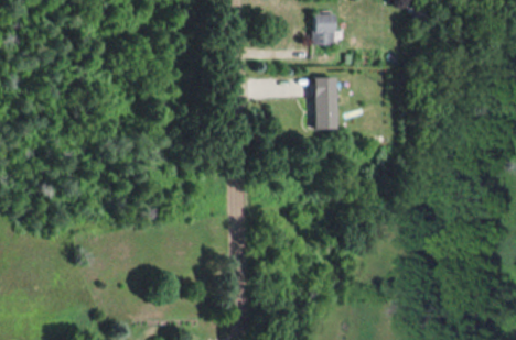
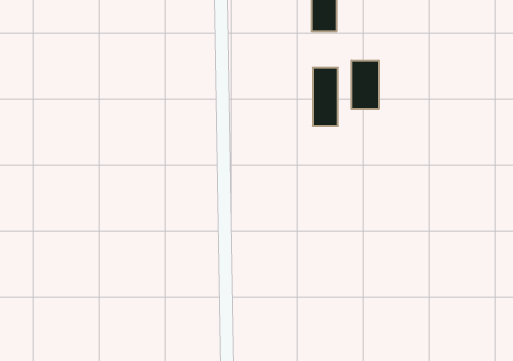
building: none -> [351,60,379,109]

